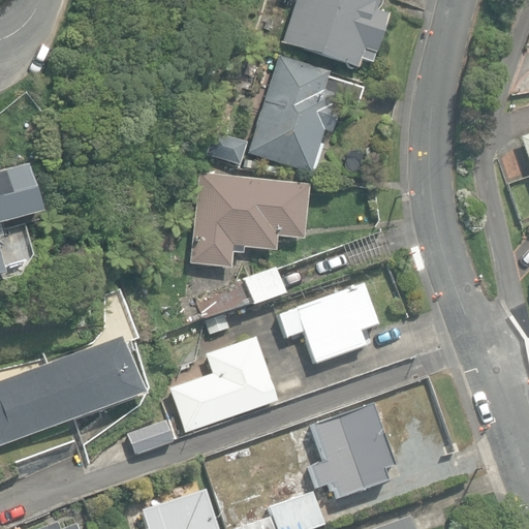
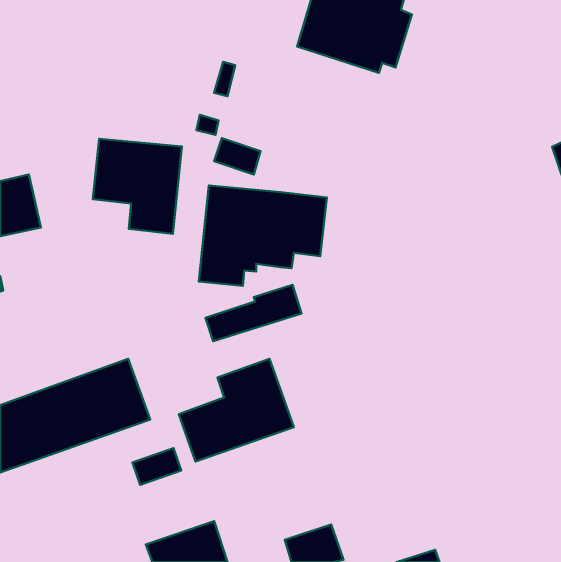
building: [248,55,363,173] -> none
building: none -> [93,139,182,234]
building: [278,285,374,360] -> none
building: [309,404,393,498] -> none

